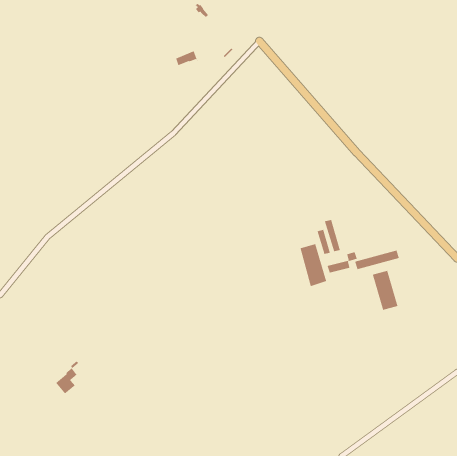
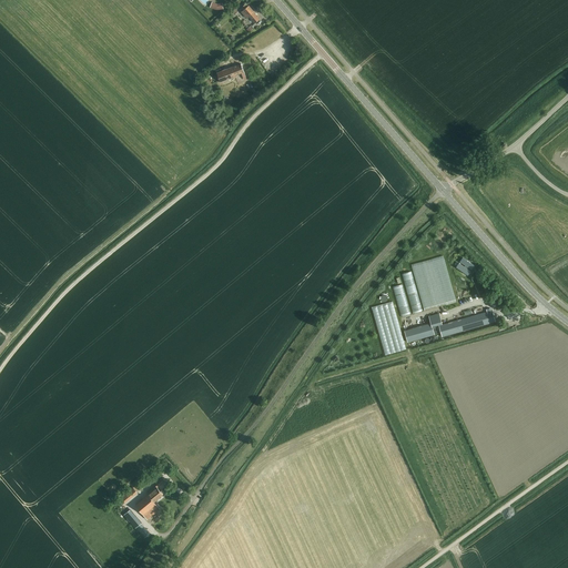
building: [372,270,399,311] -> [412,258,445,310]
building: [55,361,79,395] -> [134,476,164,518]

